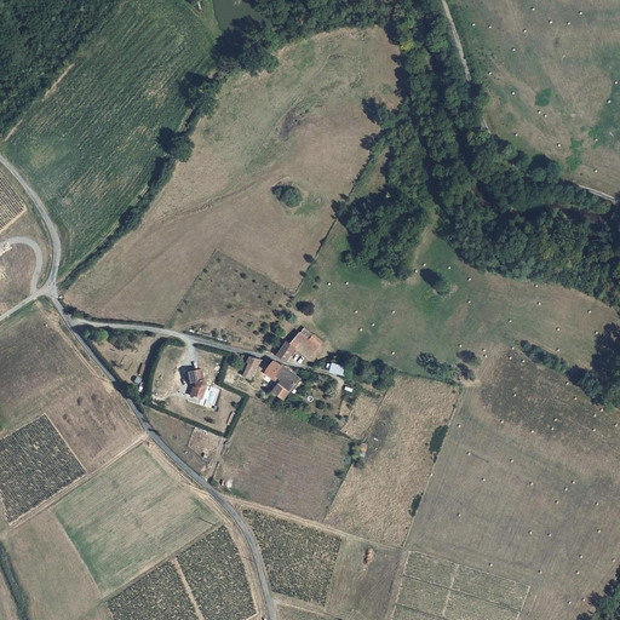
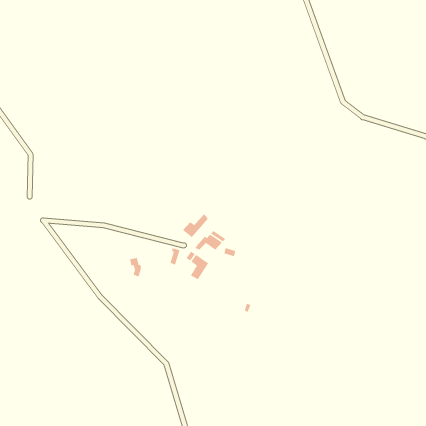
building: none -> [182,213,209,238]

